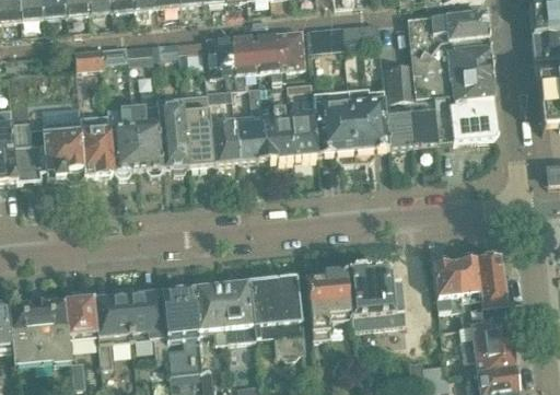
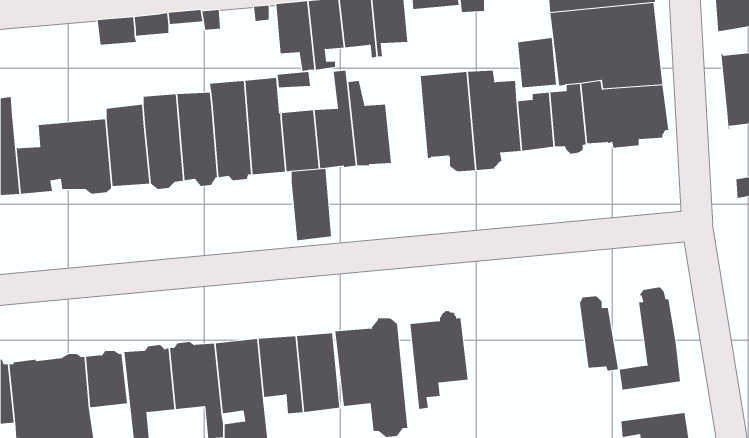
building: [289,103,319,156] -> [291,169,332,241]
building: [454,252,482,310] -> none
building: [348,265,405,328] -> none
building: [459,318,511,348] -> none

